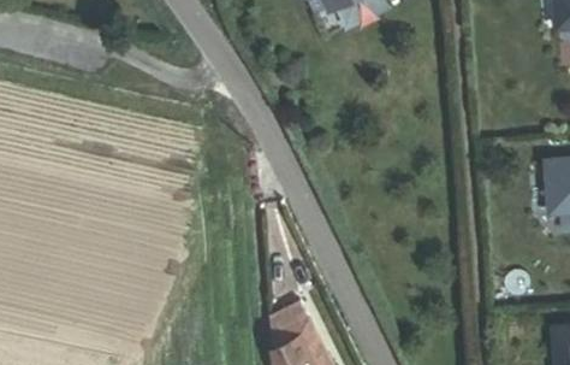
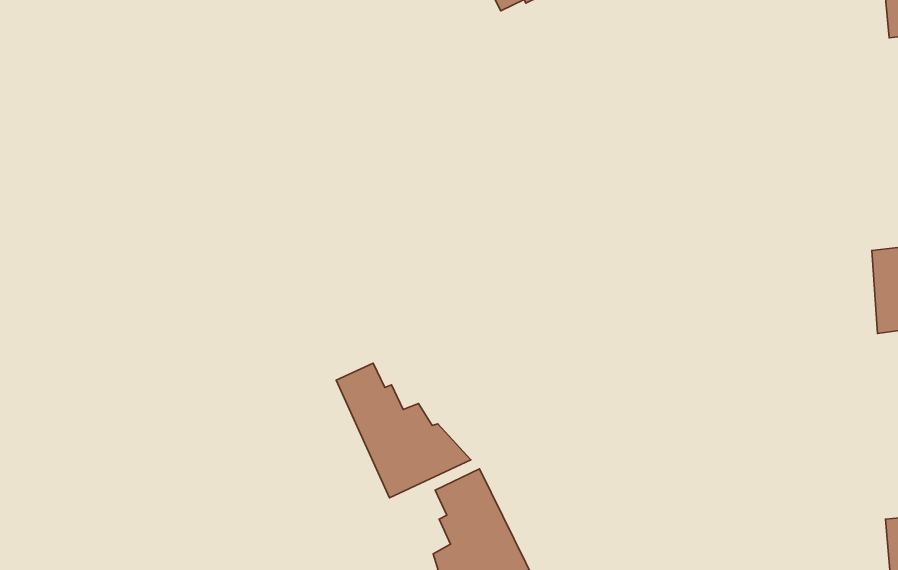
building: none -> [336,363,471,498]

